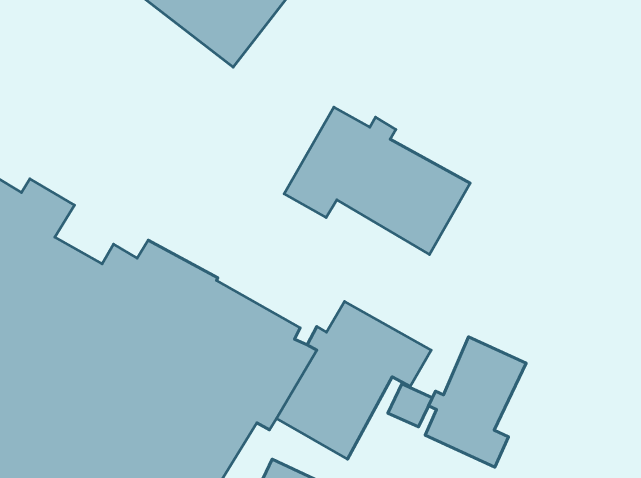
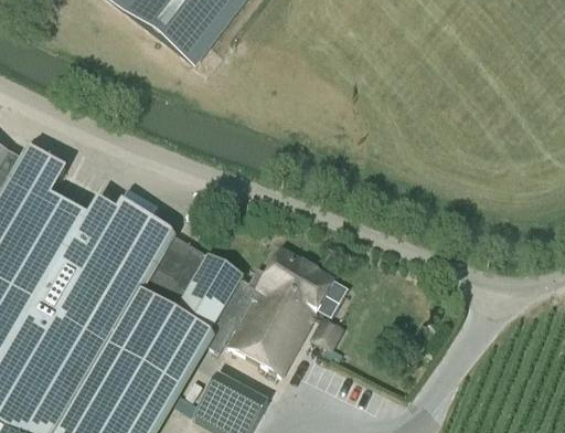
building: [284,107,470,255] -> none
building: [425,337,526,467] -> none

